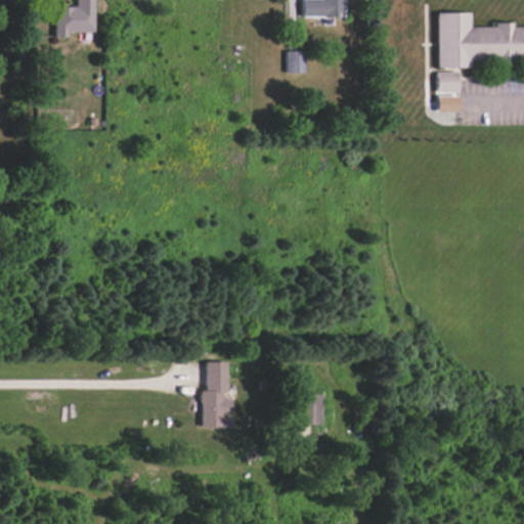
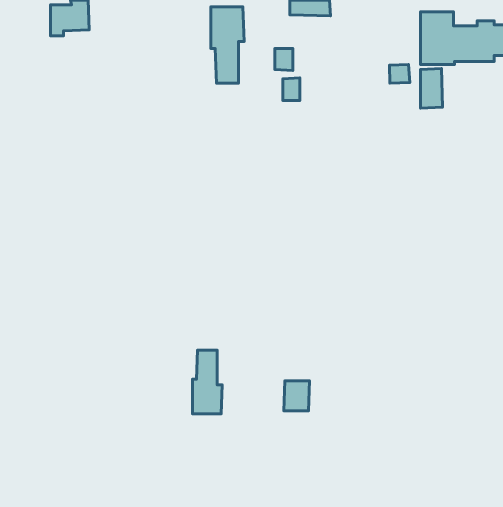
building: none -> [211,7,244,83]
building: none -> [389,65,410,83]
building: none -> [283,78,300,100]

